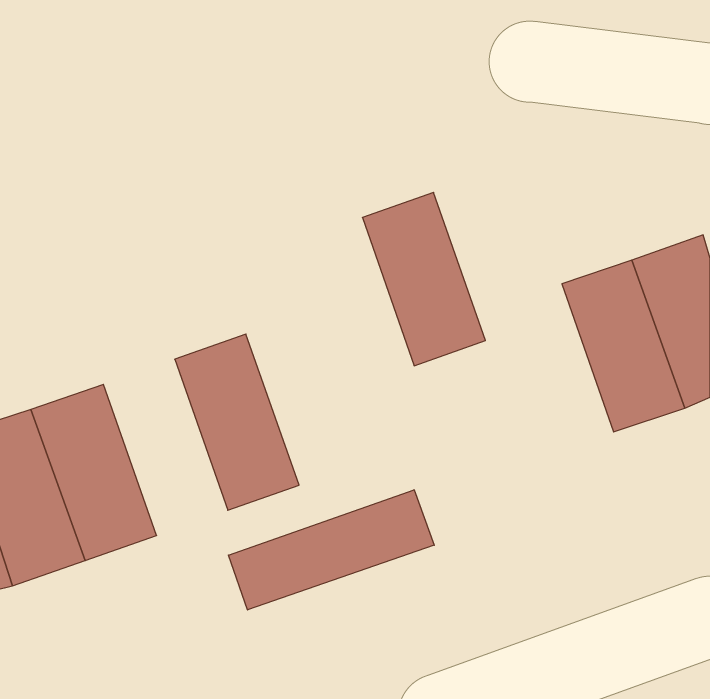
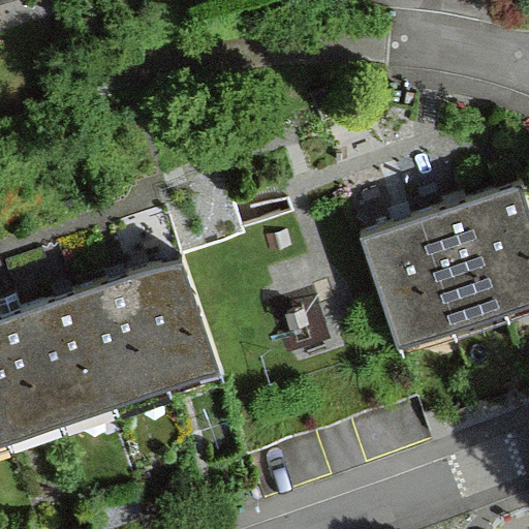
building: [362,192,485,366] -> [363,221,454,349]
building: none -> [76,277,168,407]
building: [228,490,434,610] -> none

